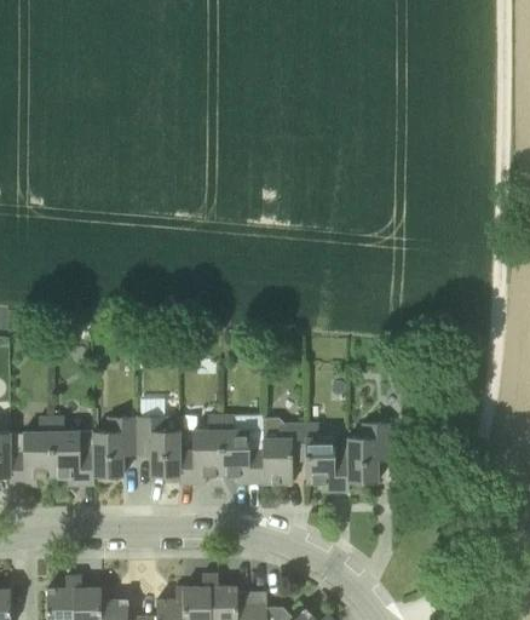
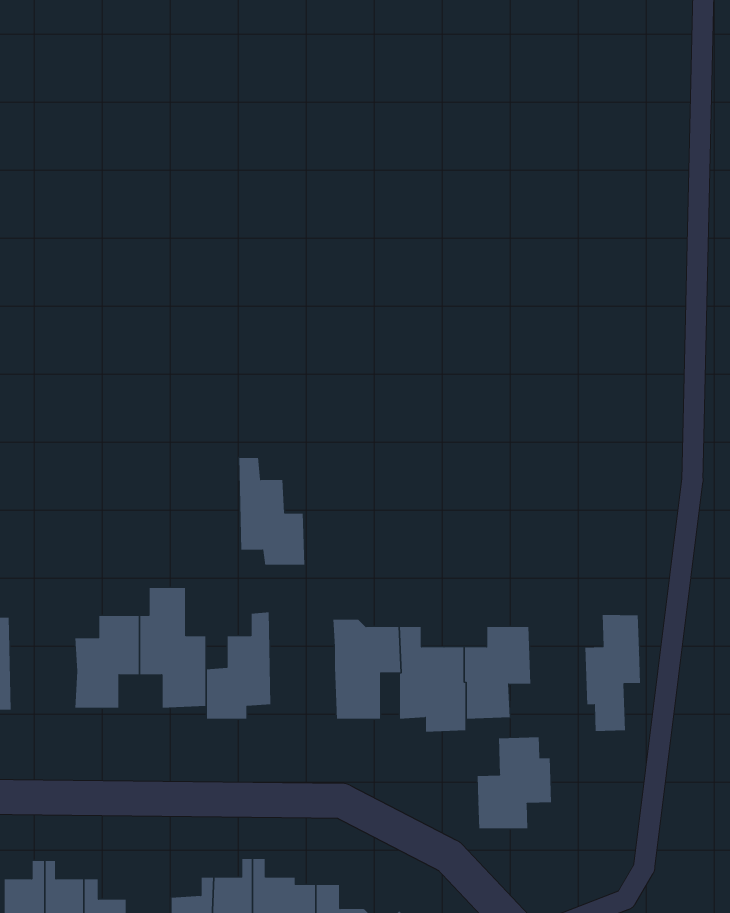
building: [221,413,265,483] -> [239,457,305,565]
building: none -> [585,614,640,732]
building: [52,417,96,484] -> none
building: none -> [477,737,552,829]

